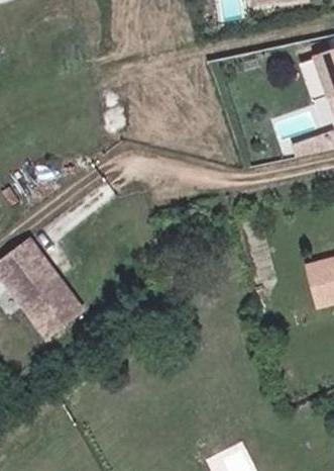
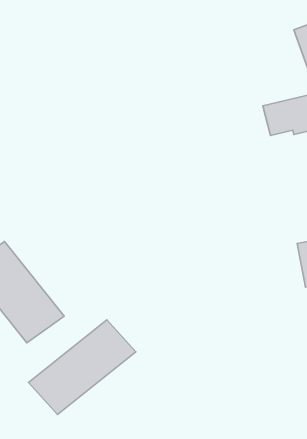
building: none -> [28,320,136,415]

